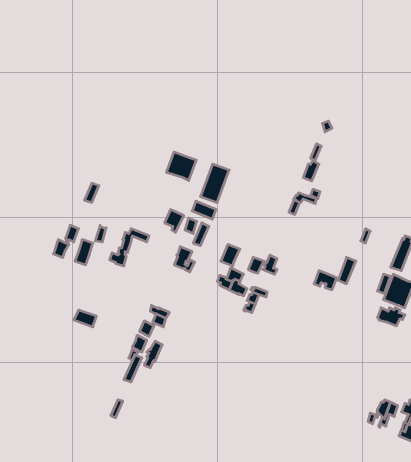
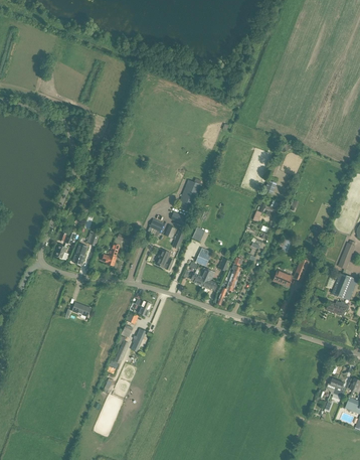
building: [167,152,196,181] -> none

